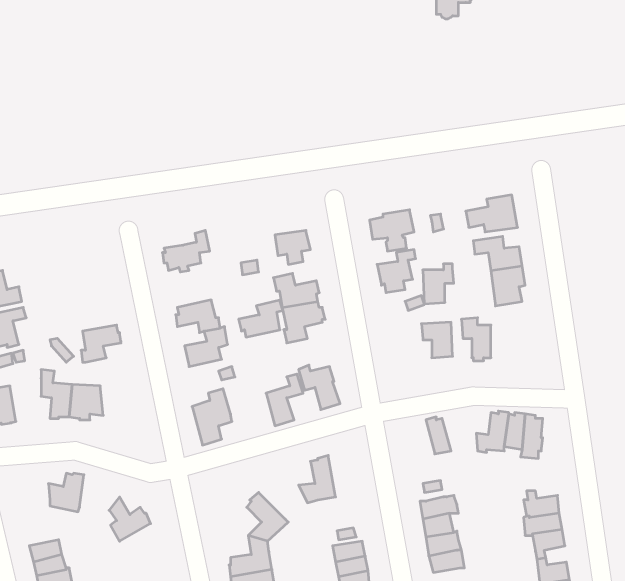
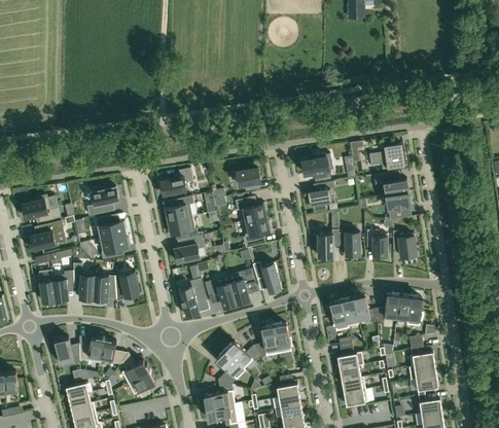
building: none -> [84,187,120,214]
building: [423,264,454,304] -> [318,230,340,258]
building: none -> [97,216,127,239]
building: [239,300,283,337] -> [164,197,194,222]
building: none -> [393,230,417,260]
building: none -> [52,272,74,301]
building: none -> [115,273,140,298]
building: none -> [205,281,237,309]
building: none -> [353,296,378,323]
building: none -> [330,300,349,332]
building: none -> [274,324,293,354]
building: none -> [55,338,80,366]
building: none -> [101,338,129,365]
building: none -> [225,343,259,369]
building: none -> [129,372,155,399]

